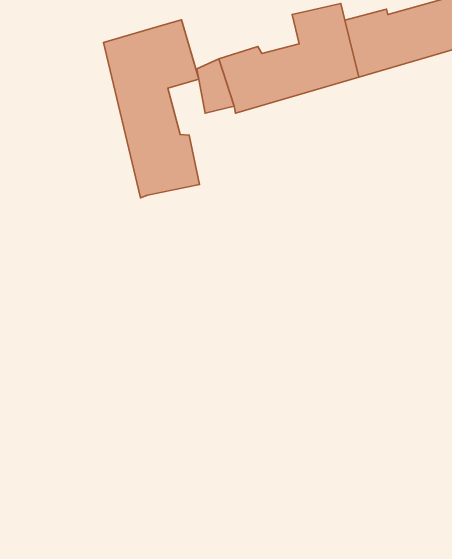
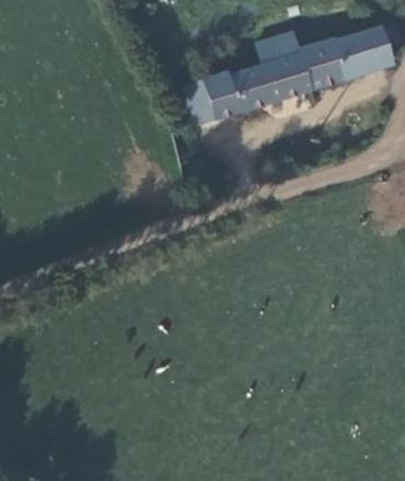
building: [104,20,200,198] -> none

